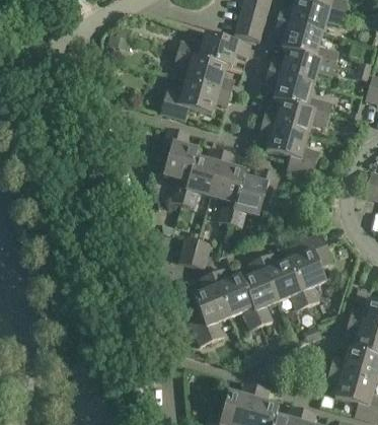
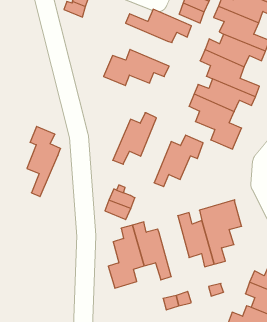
building: [174,51,234,92] -> none
building: [163,127,198,204] -> [27,126,61,197]
building: [212,151,245,223] -> none
building: [242,257,279,325] -> none

